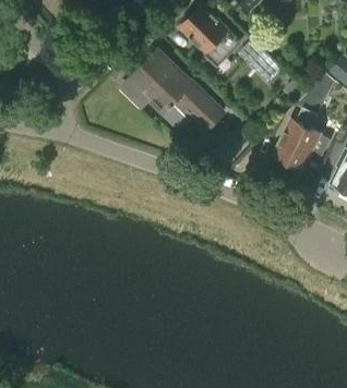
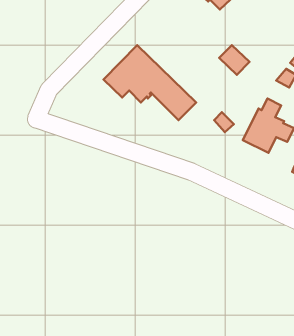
building: [180,5,236,62] -> none

